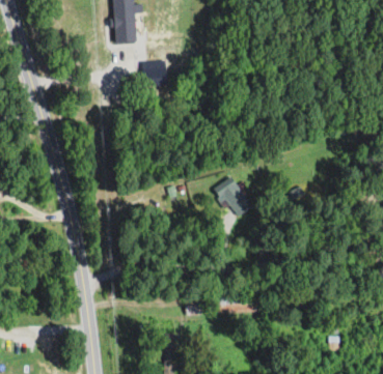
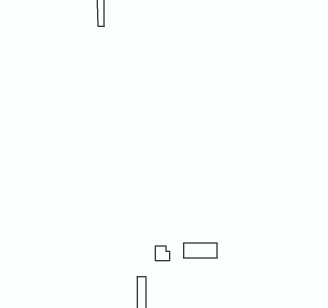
building: [219,181,253,219] -> none

